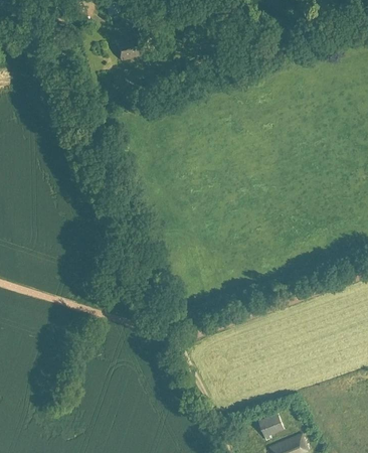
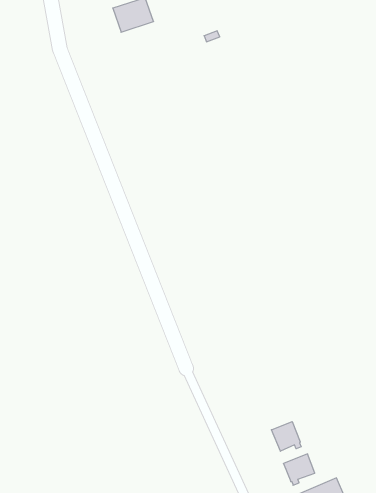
building: none -> [271,422,301,451]

